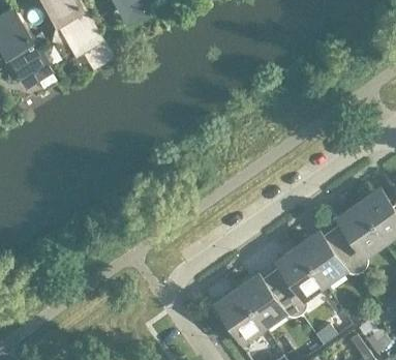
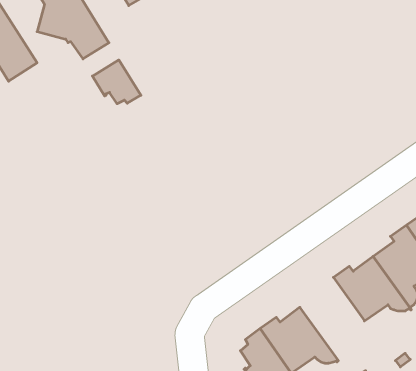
building: none -> [92,60,141,104]
building: [270,246,324,316] -> none

